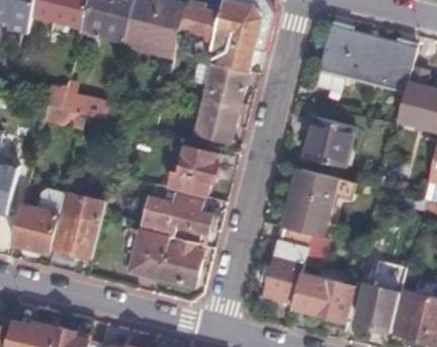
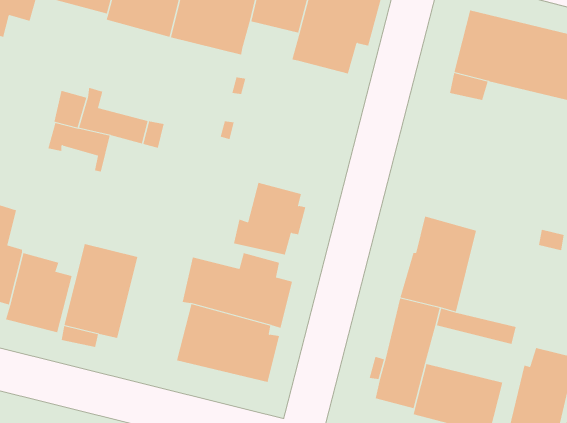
building: [194,63,248,144] -> none
building: [311,119,364,167] -> none

